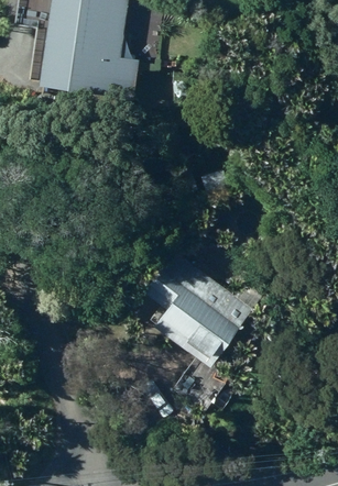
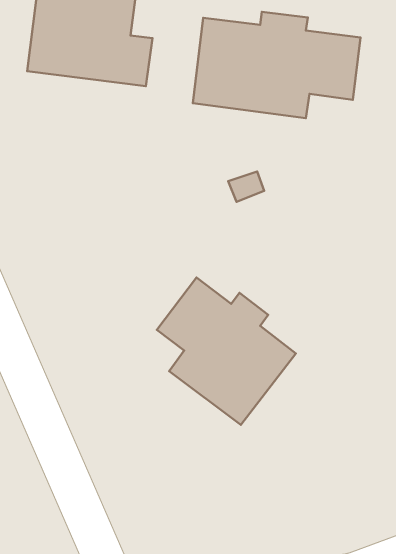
building: none -> [193,12,360,118]

